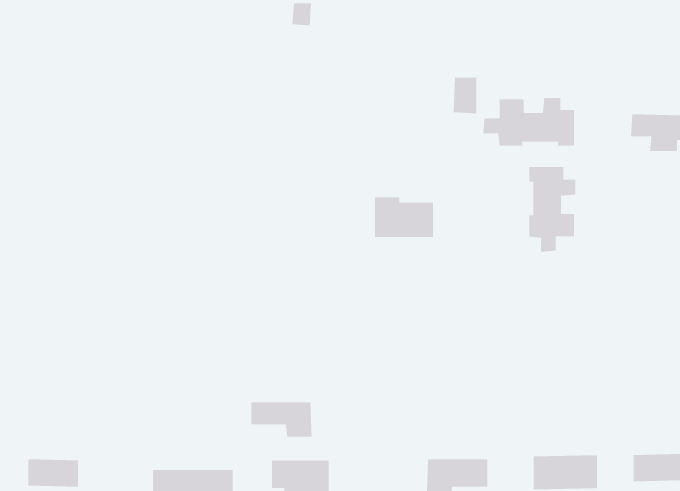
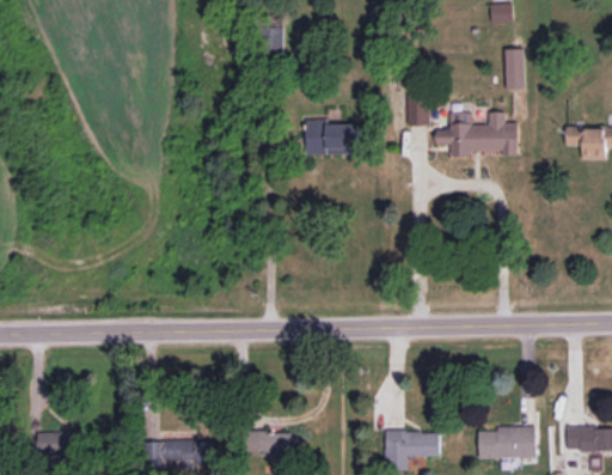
building: none -> [504,48,525,90]
building: [529,166,576,252] -> none
building: [374,197,434,237] -> [305,118,357,154]
building: [251,401,312,438] -> none

